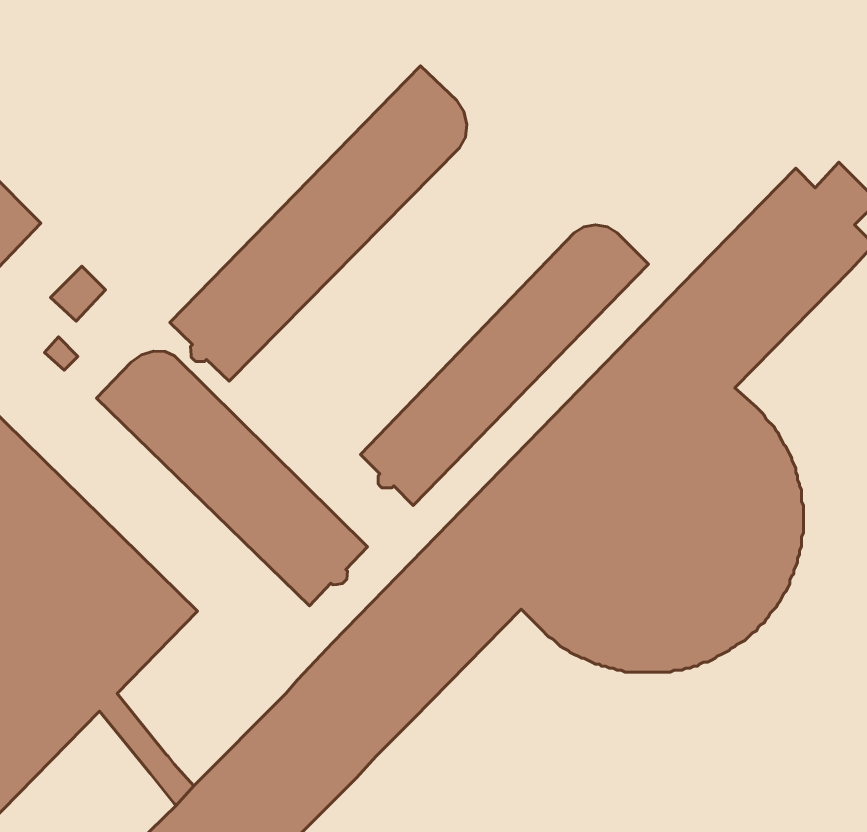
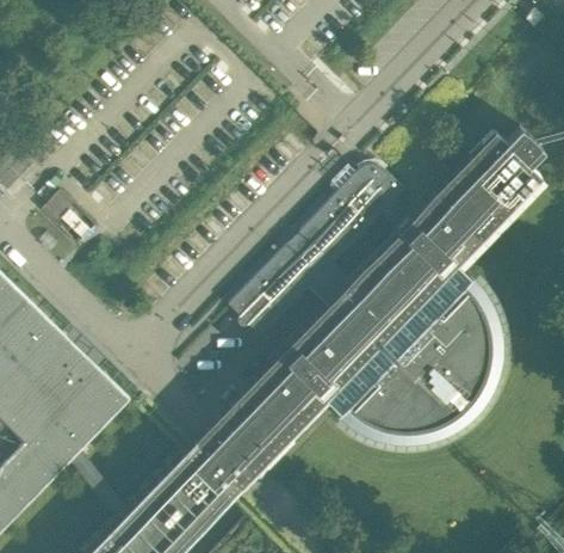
building: [170,66,467,381] -> none
building: [97,351,367,606] -> none

